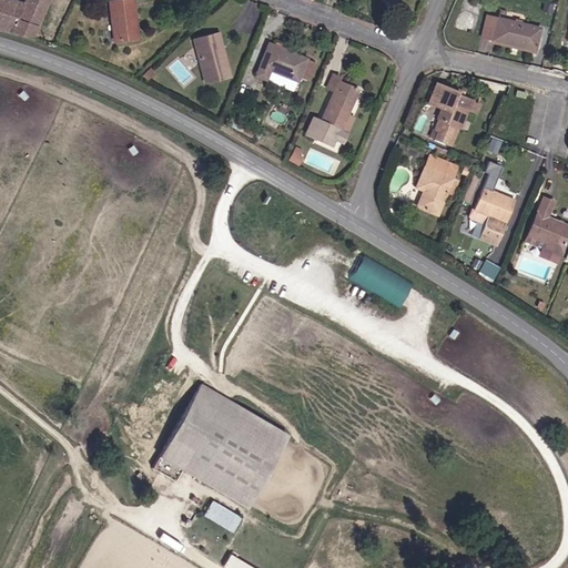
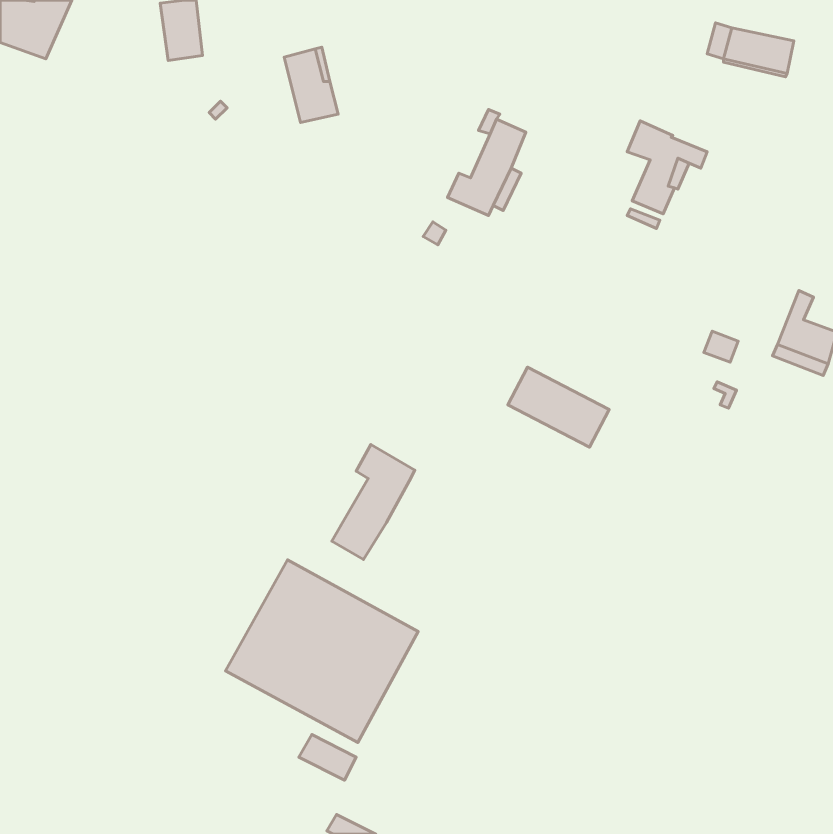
building: [256,44,307,82] -> none
building: [416,155,458,215] -> none
building: [469,173,516,224] -> none
building: none -> [332,445,415,560]

